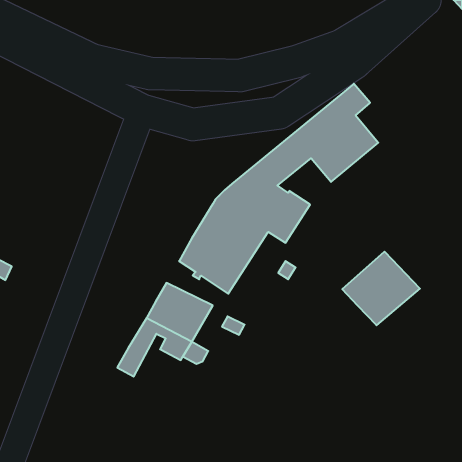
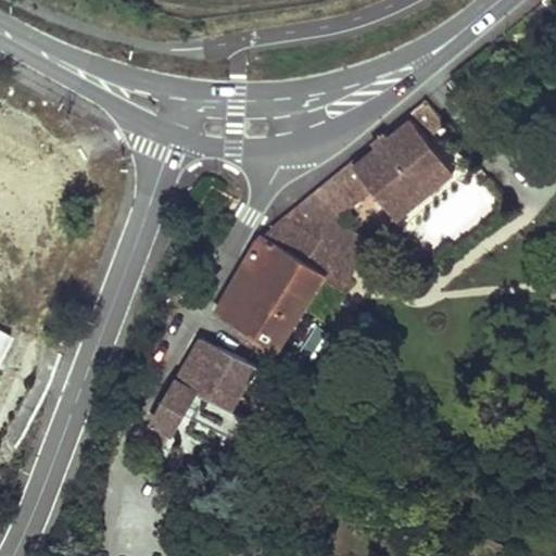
building: [342,252,420,325] -> none

